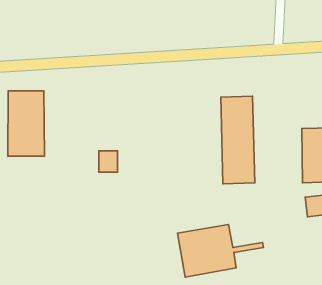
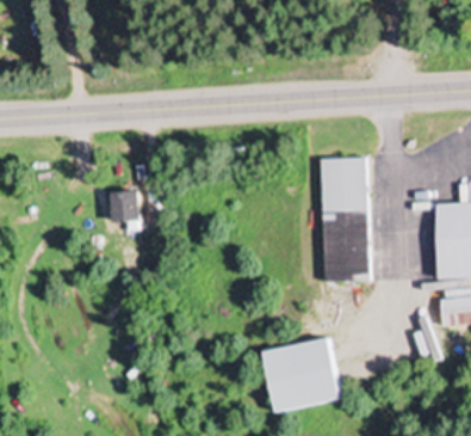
building: [8,91,45,156] -> none
building: [99,151,118,172] -> [110,191,136,221]

